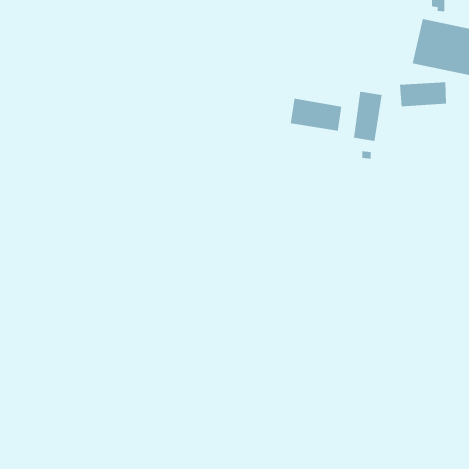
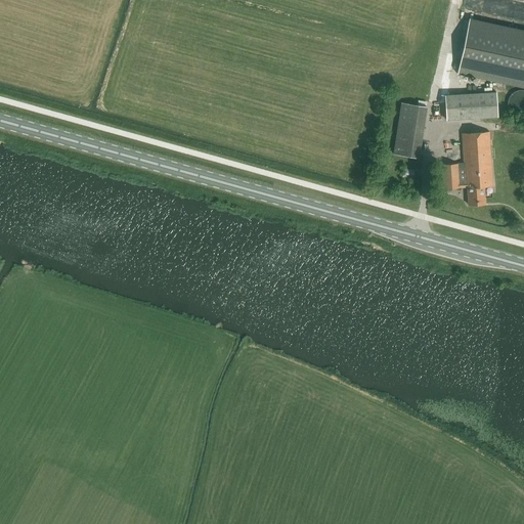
building: [290,98,342,131] -> none
building: none -> [441,130,493,204]

